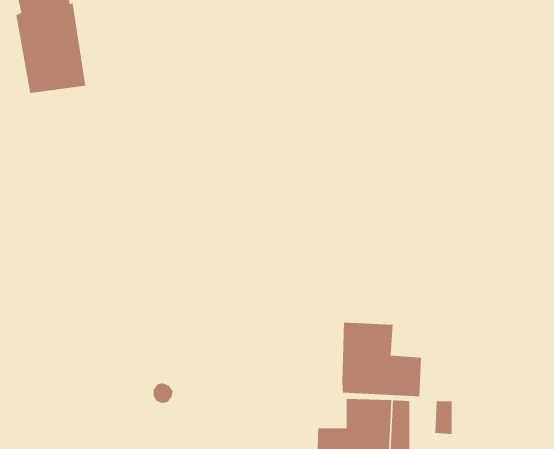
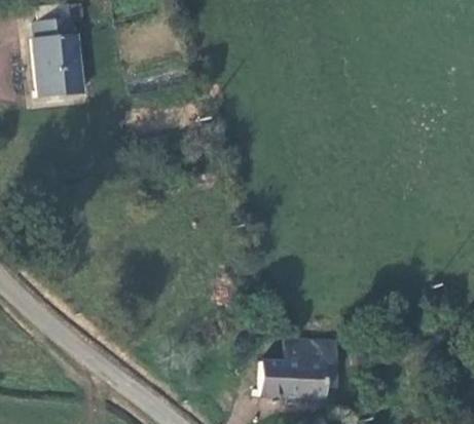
building: [342,322,421,397] -> none

